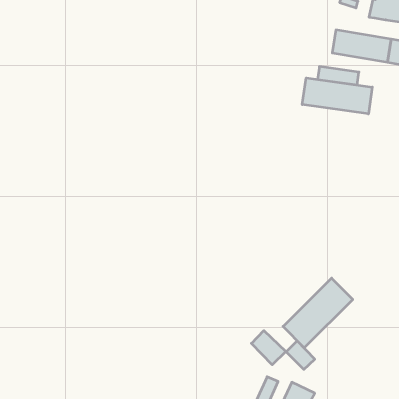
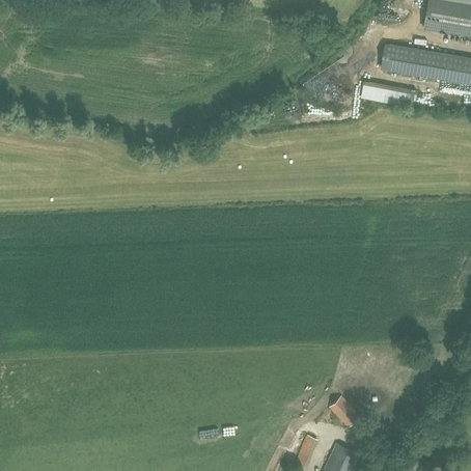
building: [302,78,372,114] -> none
building: [283,278,353,348] -> none
building: [251,331,286,365] -> none

